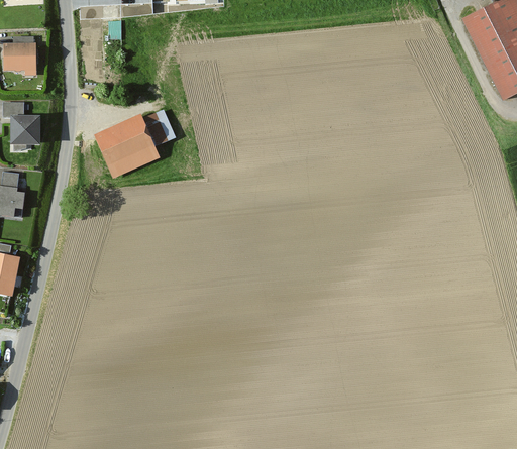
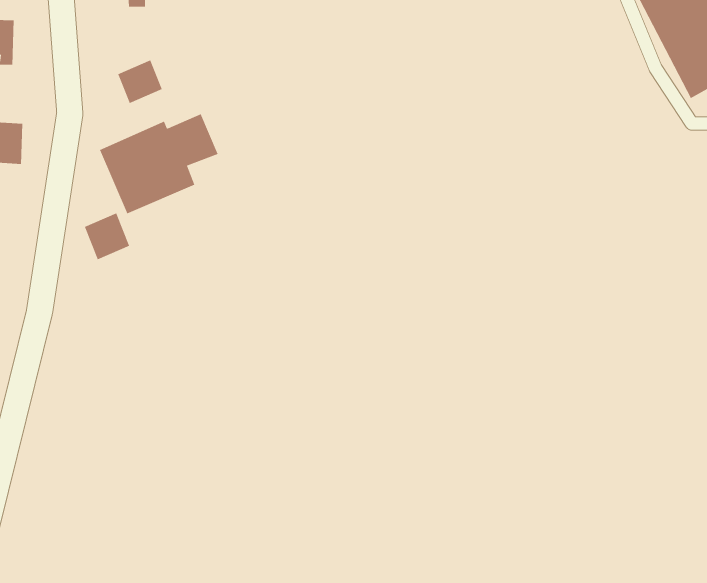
building: none -> [118,60,162,104]
building: none -> [84,213,130,260]

